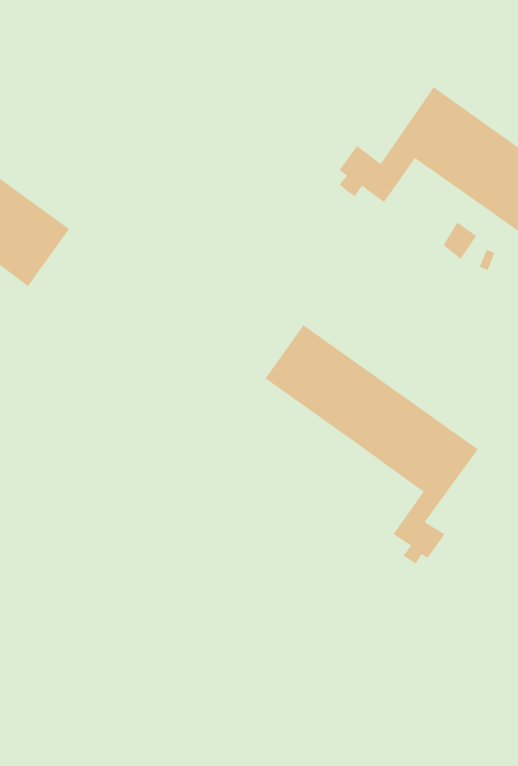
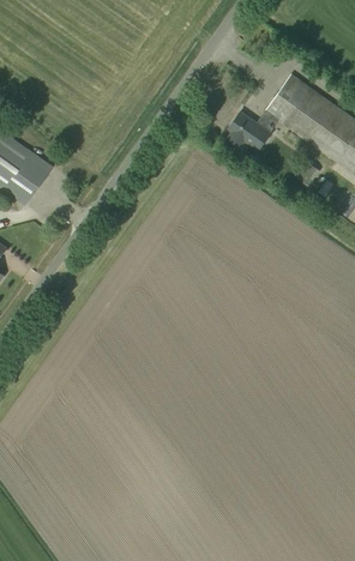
building: [264,324,479,564] -> none

